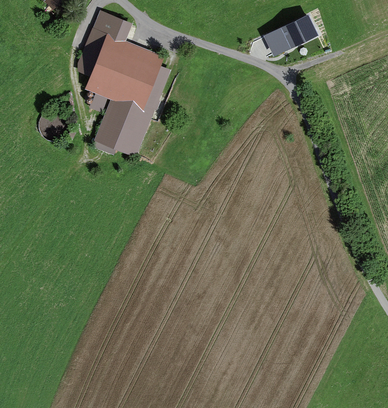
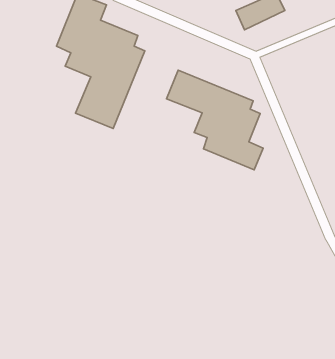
building: none -> [167,70,263,170]

